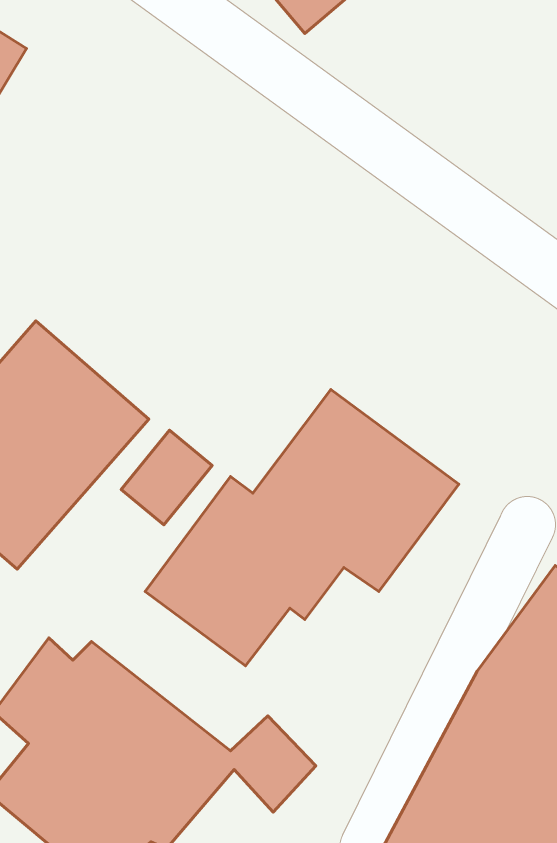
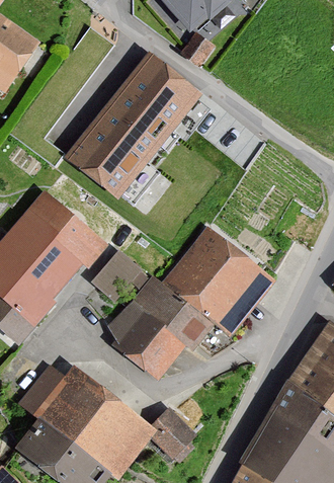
building: none -> [66,54,202,199]

